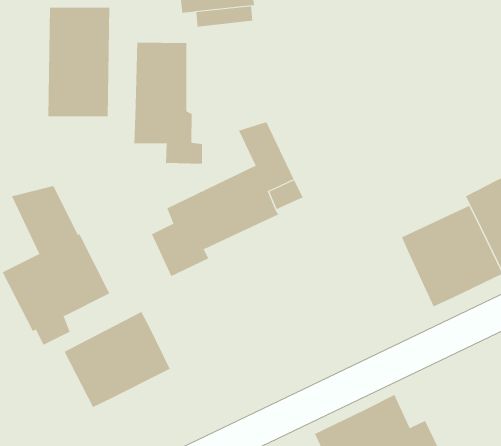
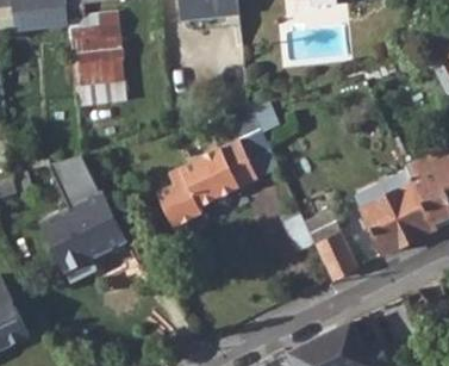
building: [134,42,203,164] -> none
building: none -> [300,207,353,277]
building: [64,311,170,408] -> none

